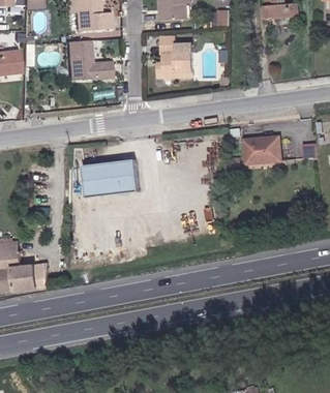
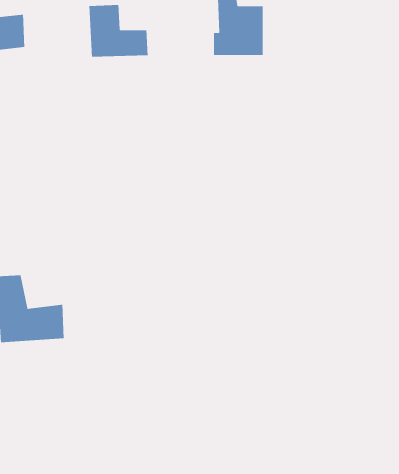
building: [243,134,286,165] -> none
building: [84,157,142,196] -> none

